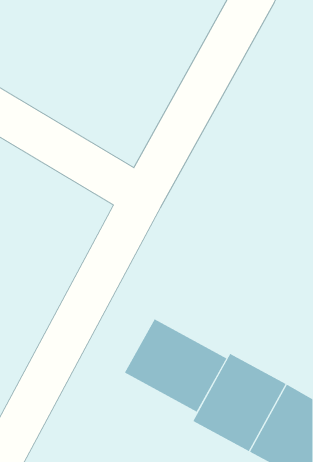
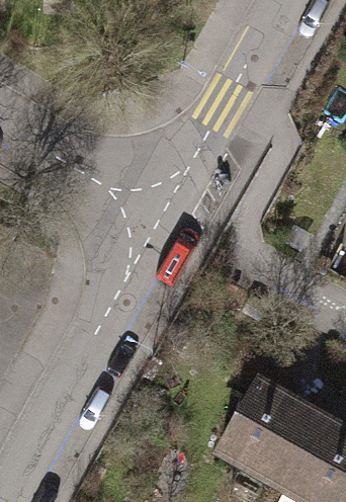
building: [124,318,227,413] -> none

